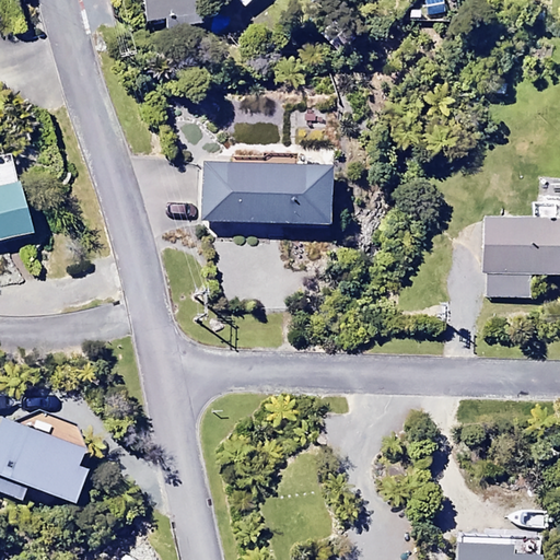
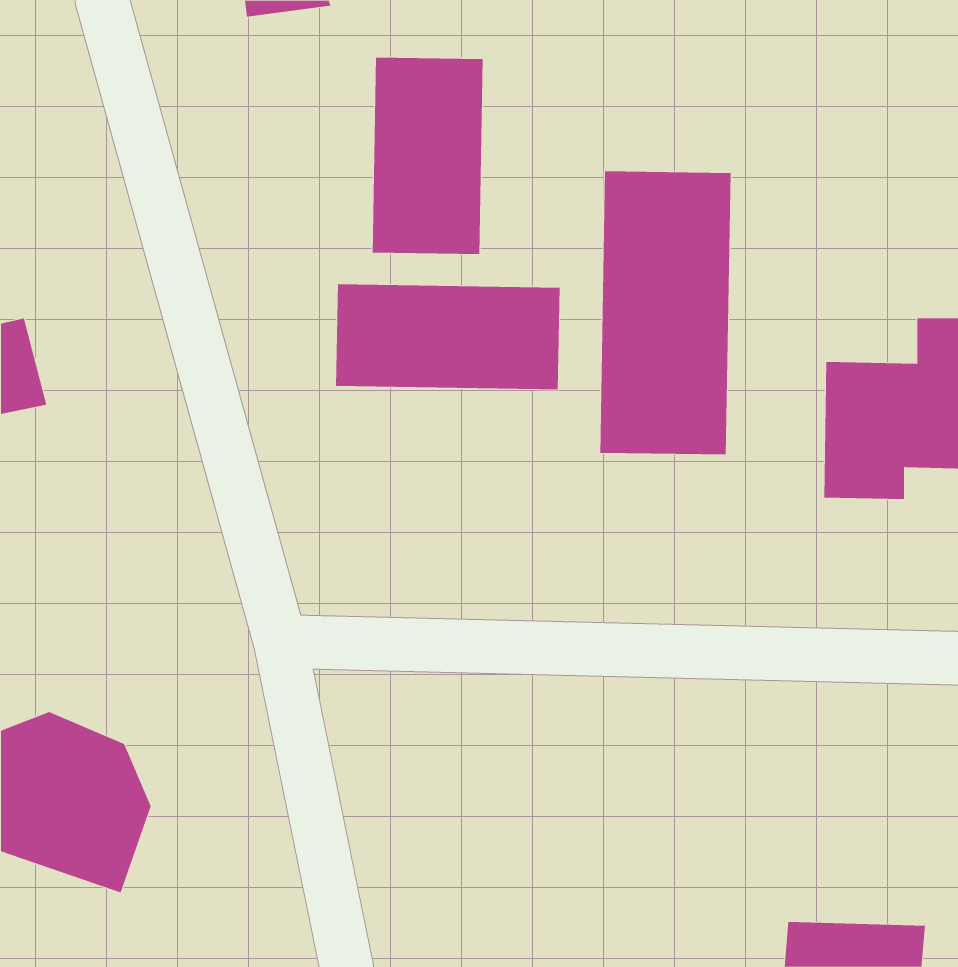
building: none -> [372,57,483,255]
building: none -> [600,170,731,455]

